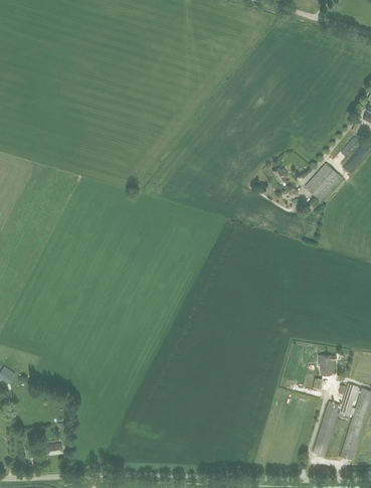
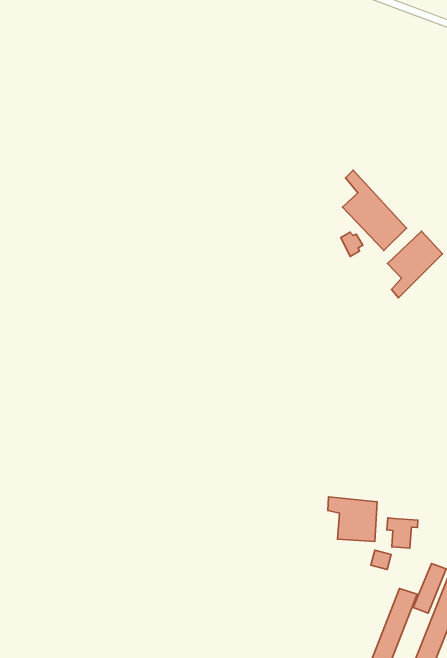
building: none -> [343,170,406,250]
building: none -> [328,497,377,542]

